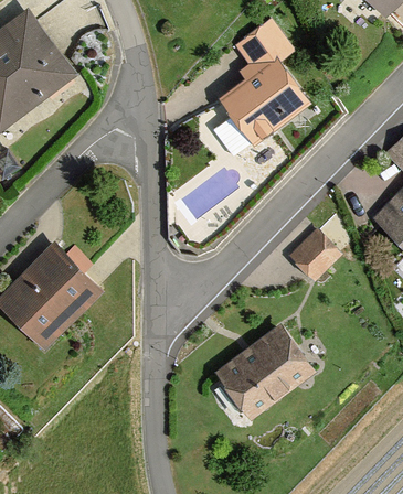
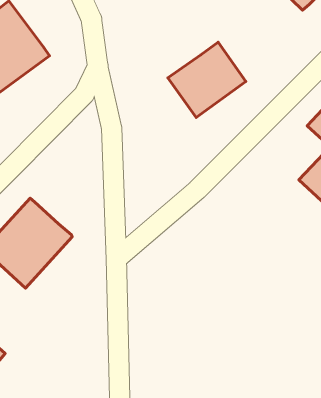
building: [235,17,291,71] -> none
building: [289,229,341,281] -> none
building: [214,326,314,421] -> none

